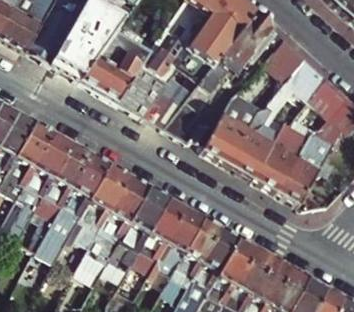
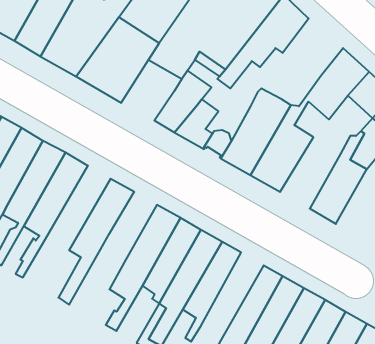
building: [264,37,305,78] -> none
building: [118,64,169,115] -> none
building: [252,119,303,189] -> none
building: [47,153,109,258] -> none
building: [87,175,148,281] -> none
building: [185,226,238,298] -> none

